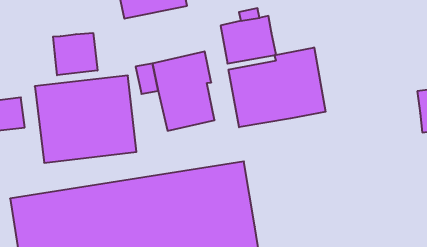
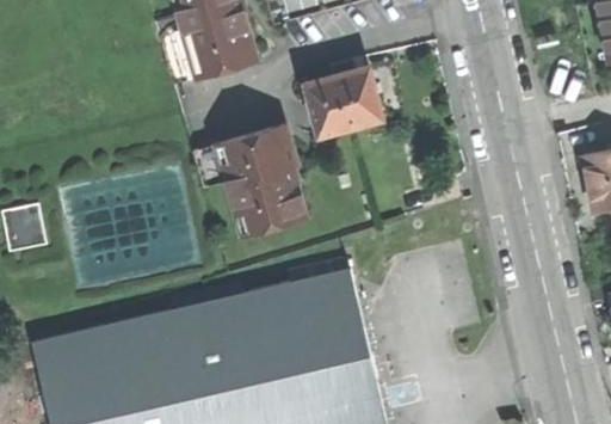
building: [53,33,97,75] -> none
building: [229,47,326,127] -> none

